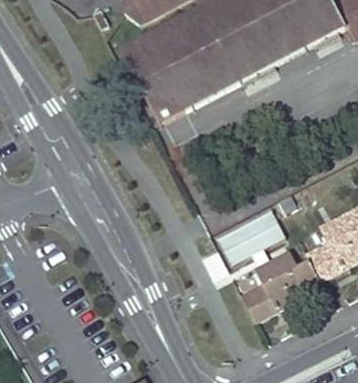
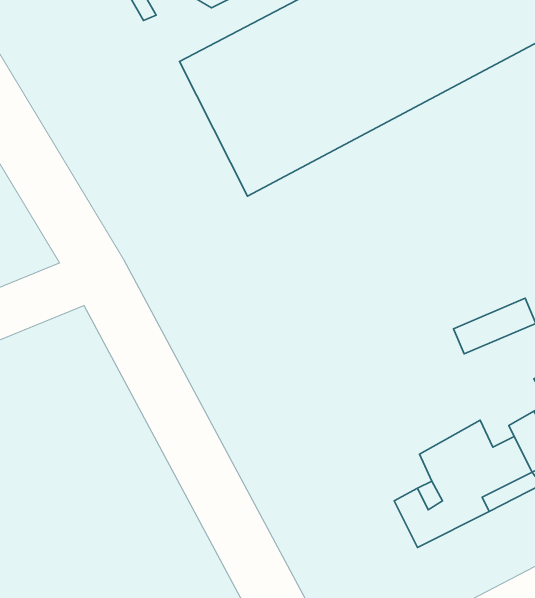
building: [220,207,290,261] -> none

